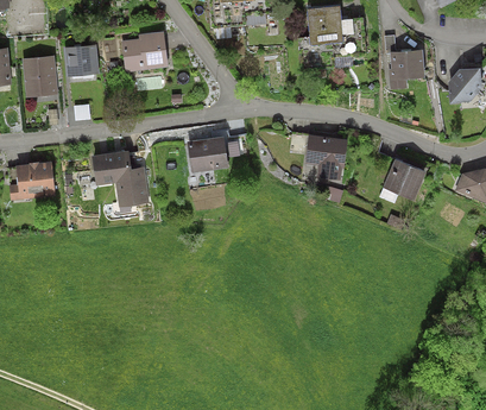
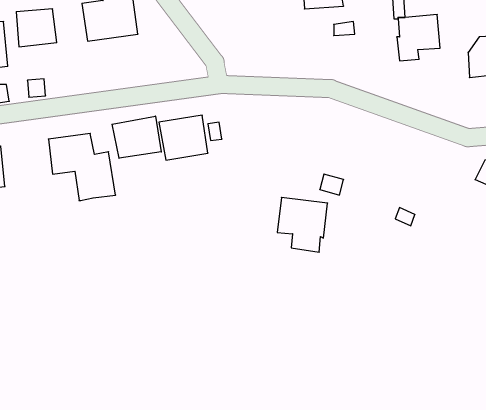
building: [304,134,347,181] -> [277,197,328,252]
building: none -> [112,116,161,158]
building: [381,159,425,201] -> none

